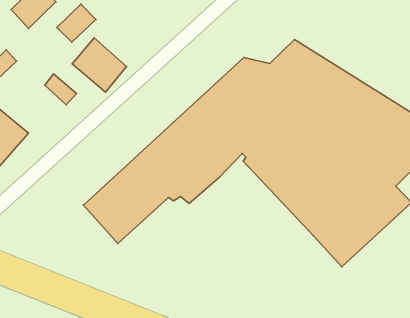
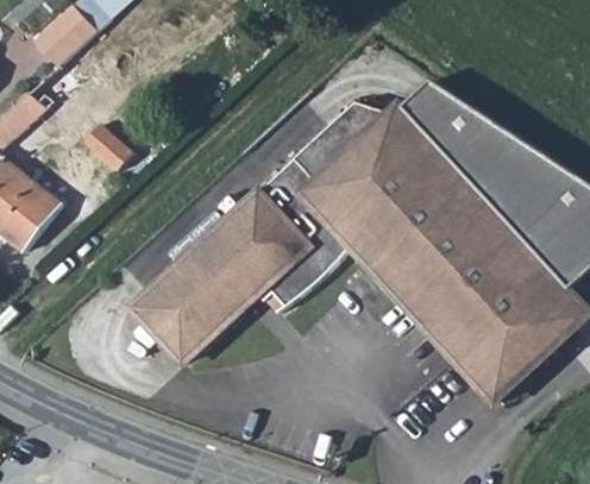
building: [57,4,96,42] -> none
building: [72,38,126,92] -> none

